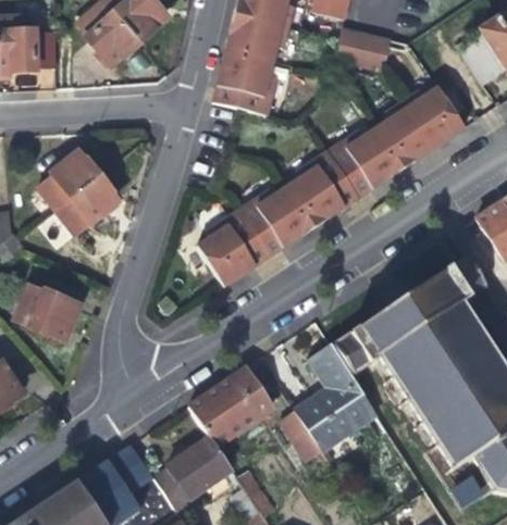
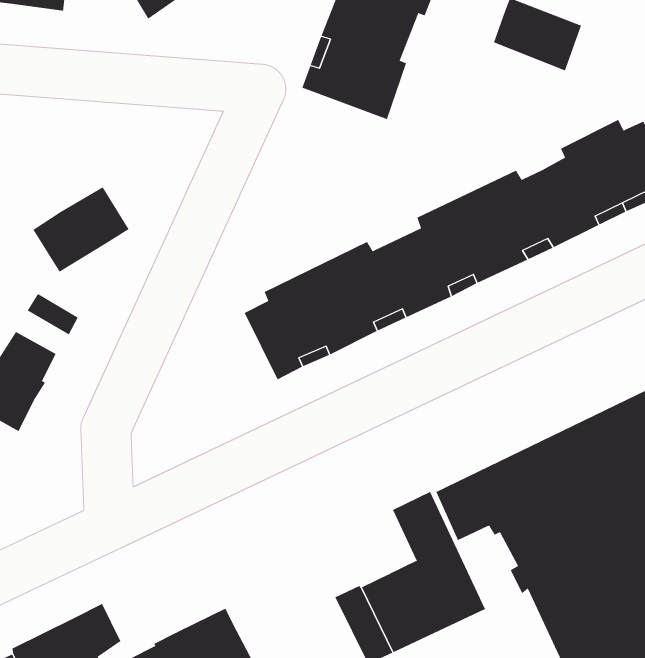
building: [37,147,104,211] -> none
building: [189,366,273,446] -> none

